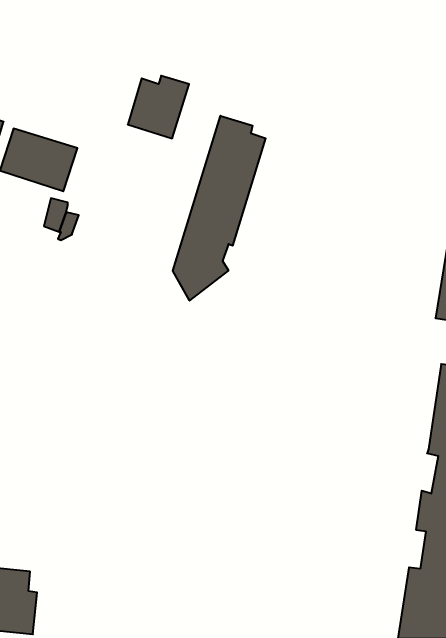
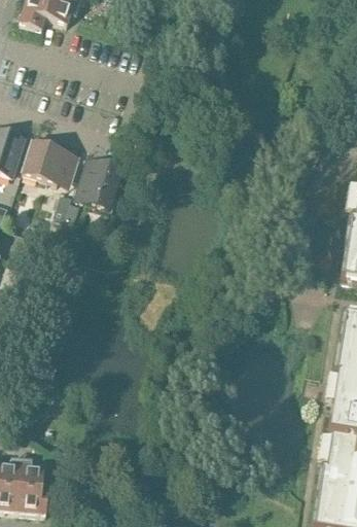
building: [128,76,189,138] -> [75,162,120,208]
building: [173,116,266,301] -> none

